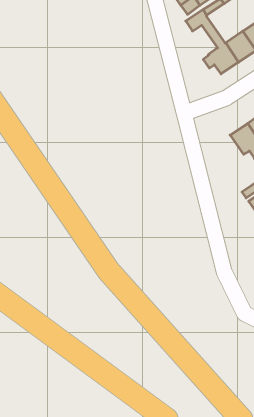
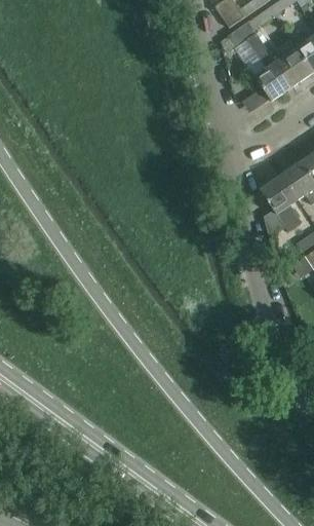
building: none -> [261,175,303,231]

